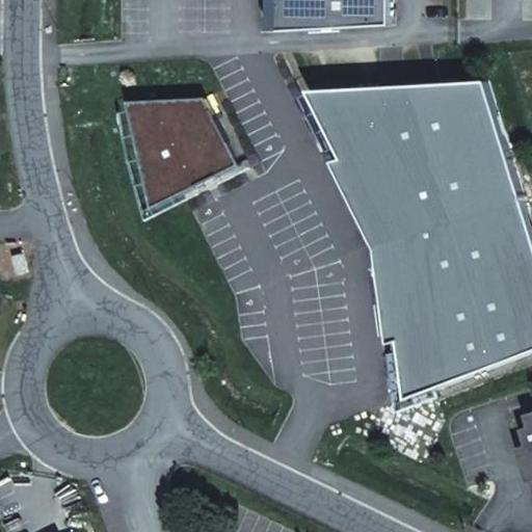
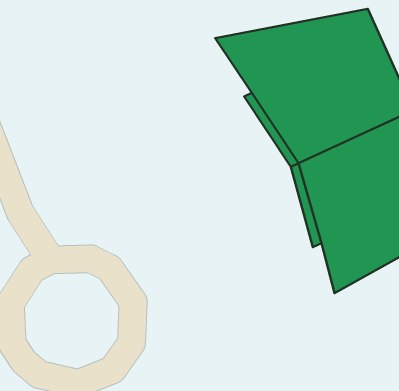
building: [122,98,235,210] -> none

